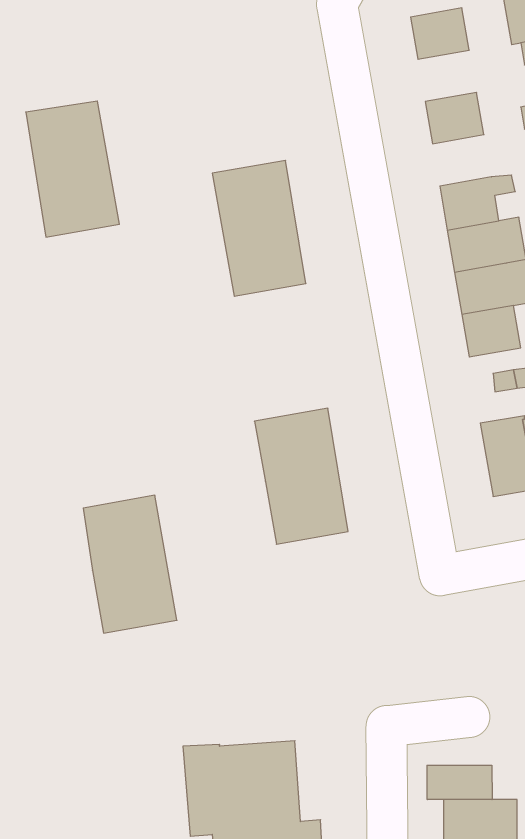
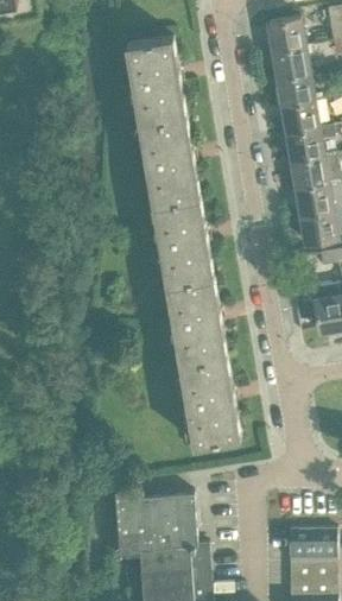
building: none -> [271,46,309,80]
building: [26,101,119,237] -> [125,38,185,126]
building: none -> [280,101,318,134]
building: none -> [152,197,213,286]
building: [83,495,177,633] -> [179,358,240,447]
building: [427,765,492,800] -> none

